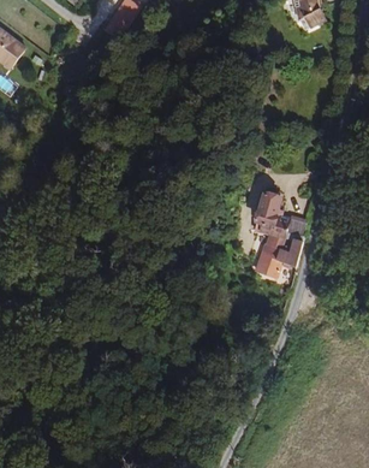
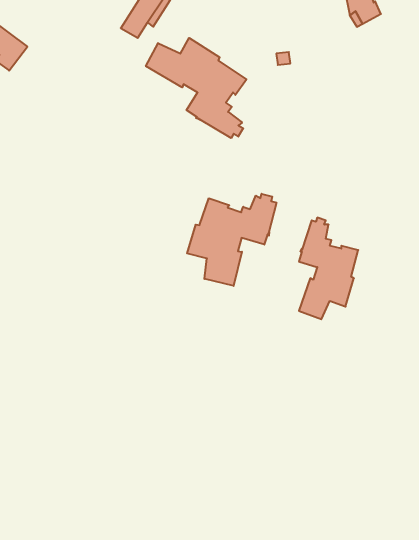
building: none -> [146,38,246,138]
building: none -> [187,194,276,286]

